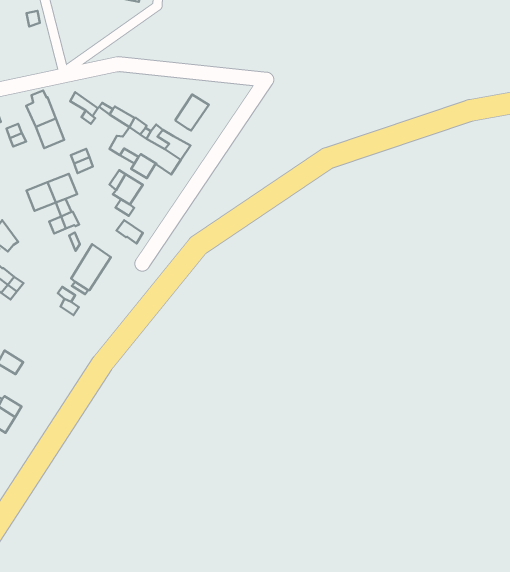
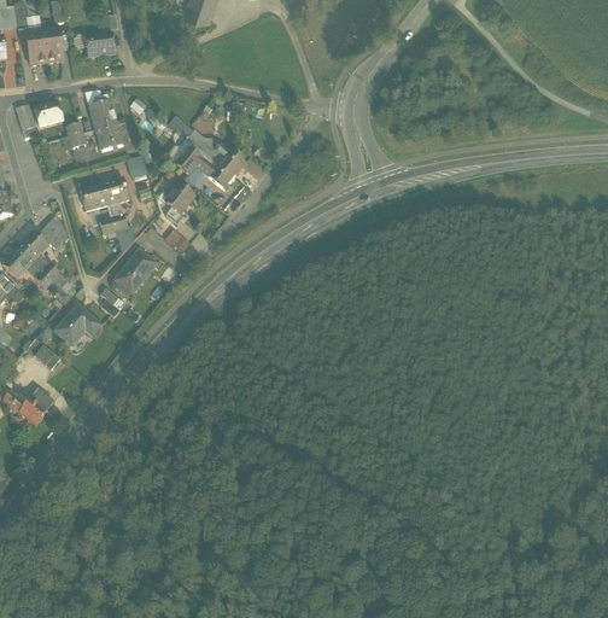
building: none -> [86,33,113,57]
building: [175,94,209,131] -> none
building: none -> [55,304,101,345]

